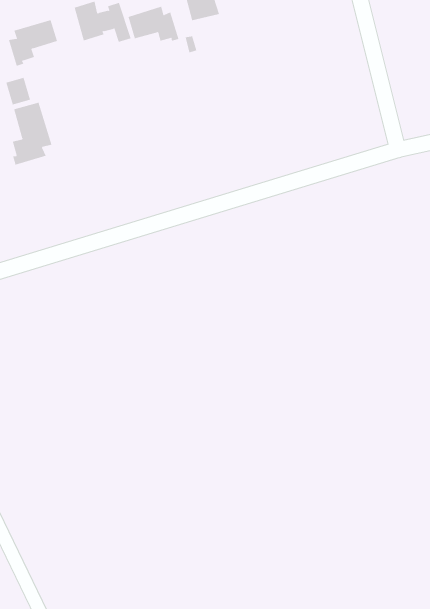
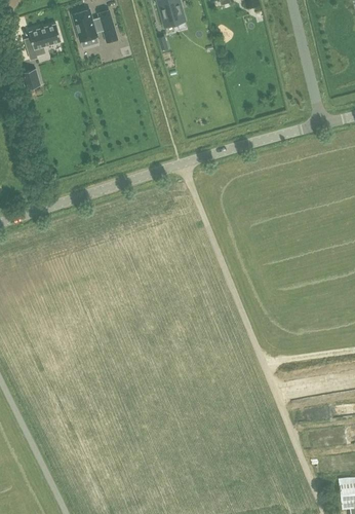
building: [128,6,179,42] -> none
building: [12,102,52,165] -> none

